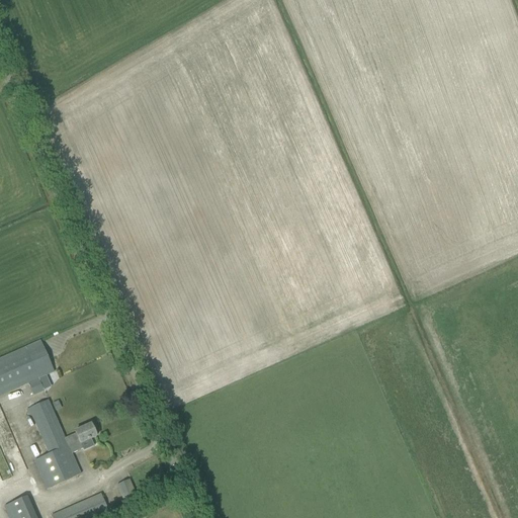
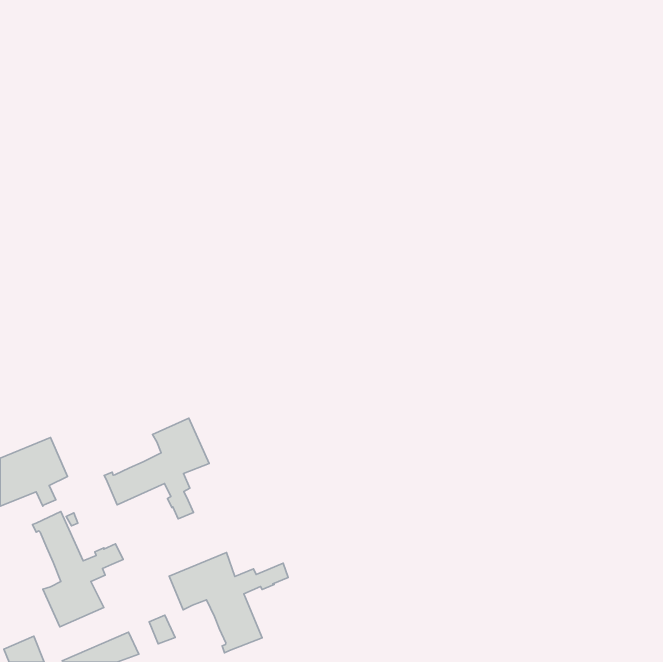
building: none -> [104,418,209,519]
building: none -> [169,552,288,653]

